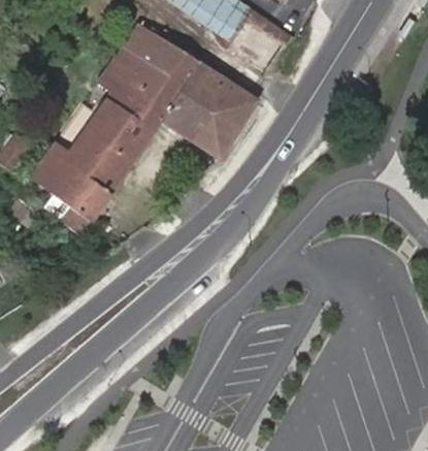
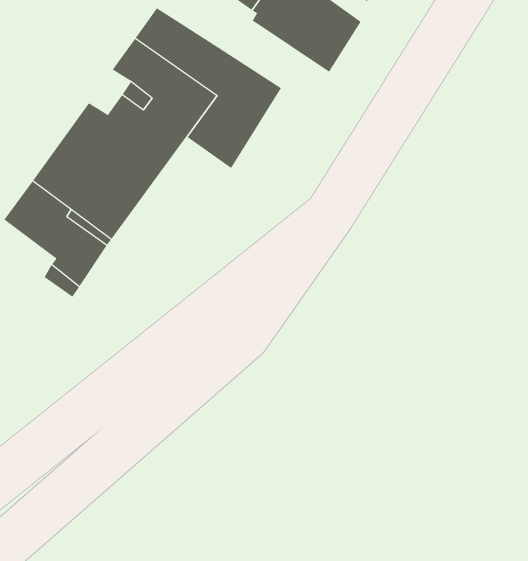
building: [194,83,256,157] -> none

